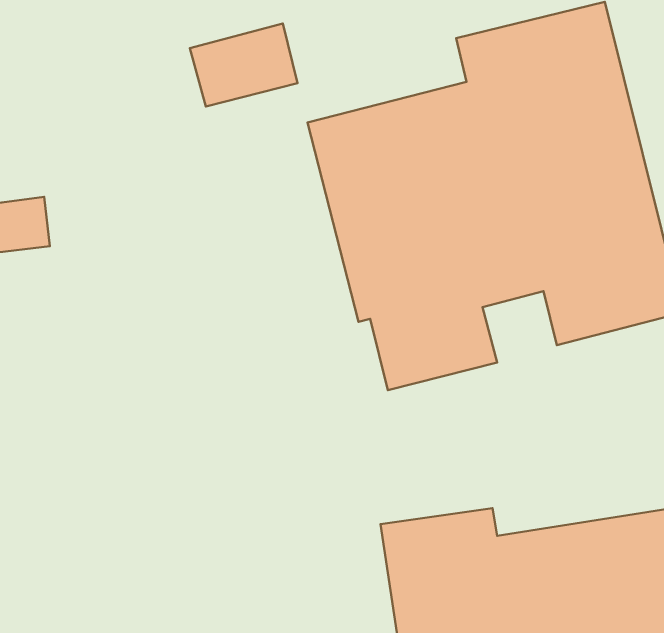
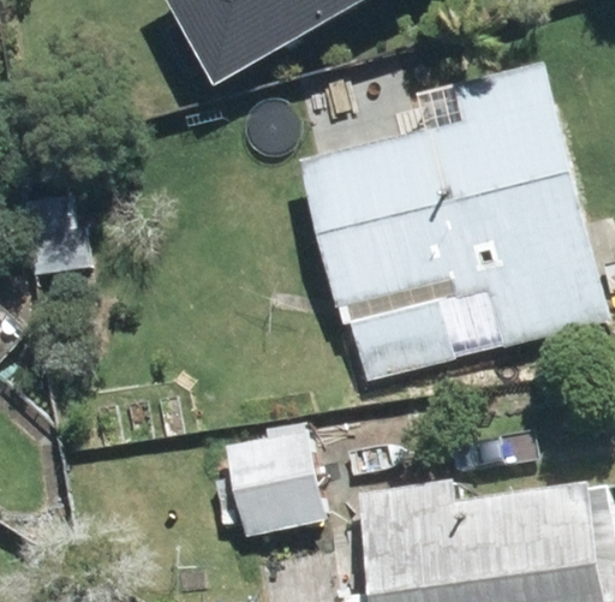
building: none -> [231,433,330,568]

